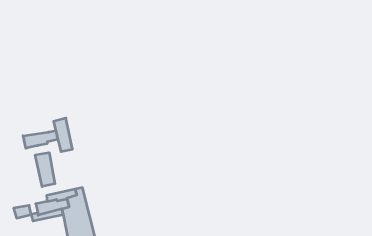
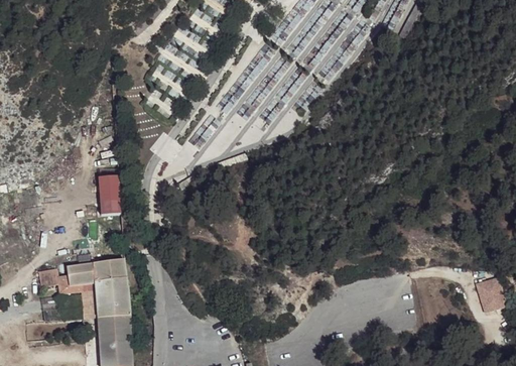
building: [23,131,58,148] -> none
building: [35,153,55,187] -> none

